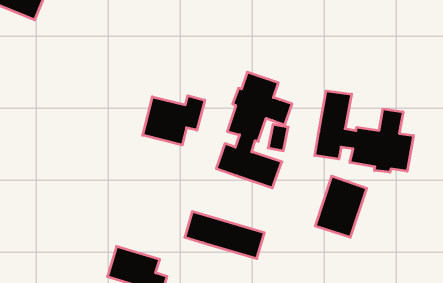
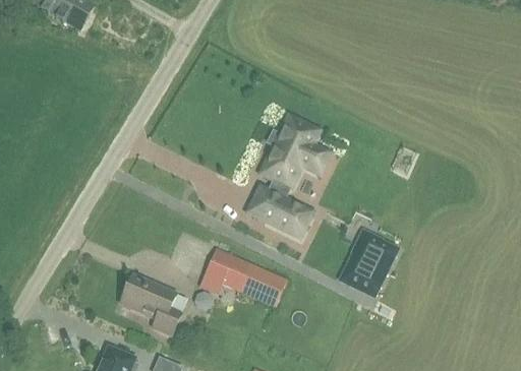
building: [315,91,413,172] -> none
building: [143,96,205,145] -> none

